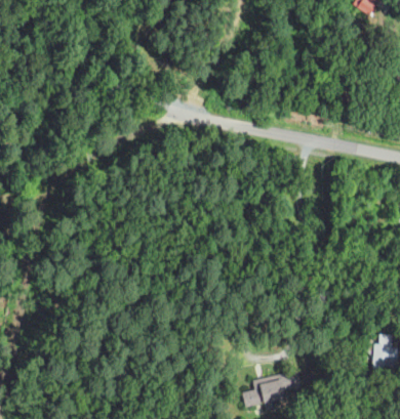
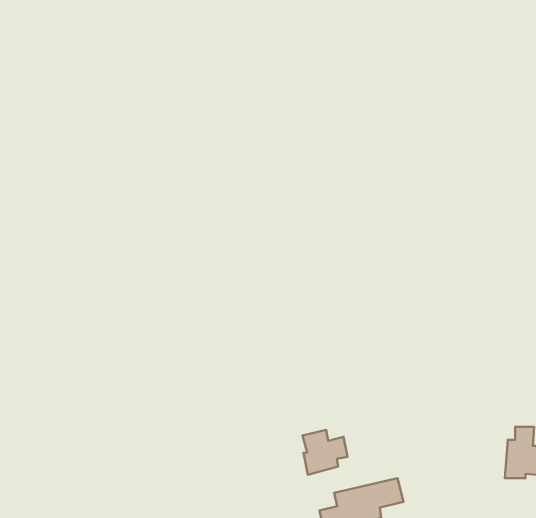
building: none -> [303,430,347,475]

